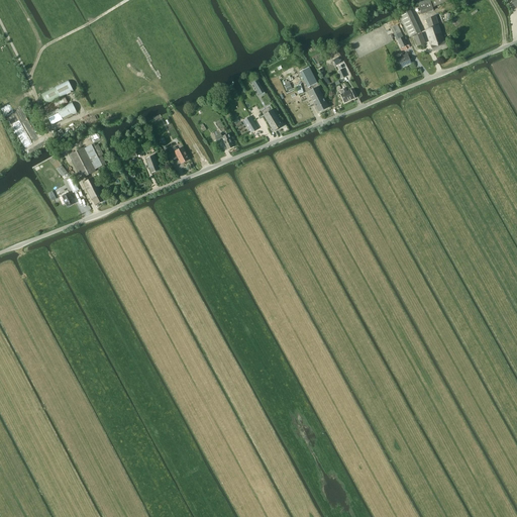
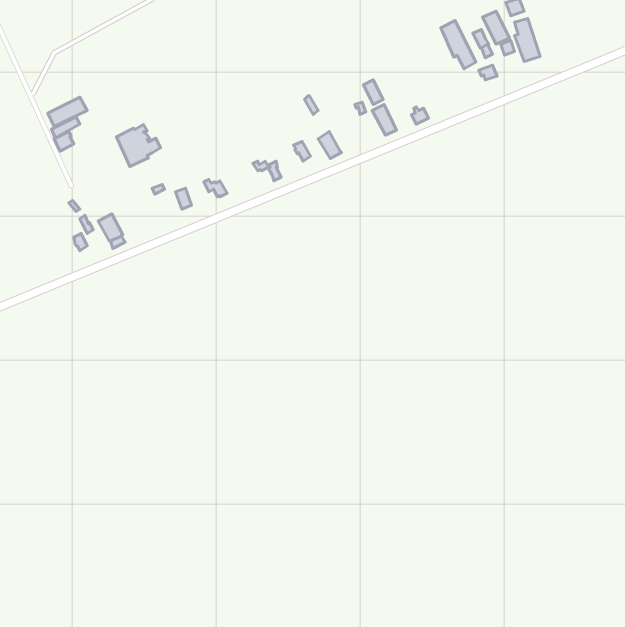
building: none -> [441,20,476,69]
building: [68,143,104,178] -> [116,125,161,166]

